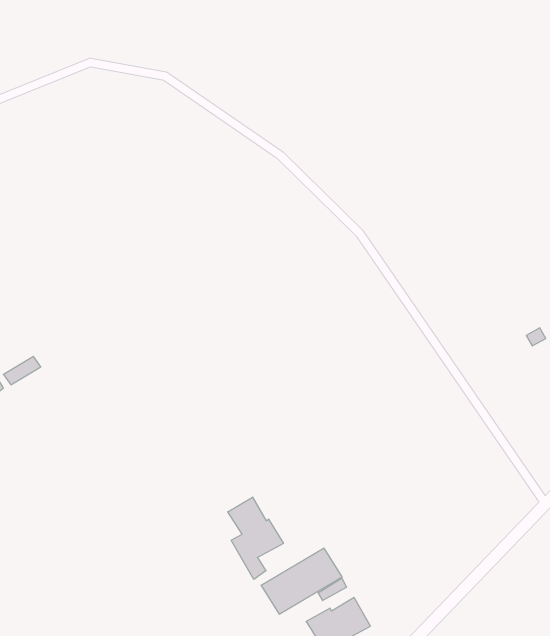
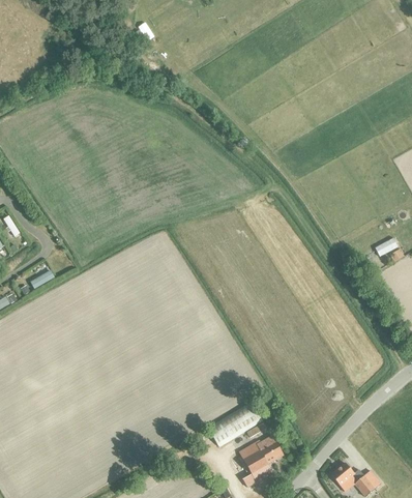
building: [228,497,283,579] -> none

